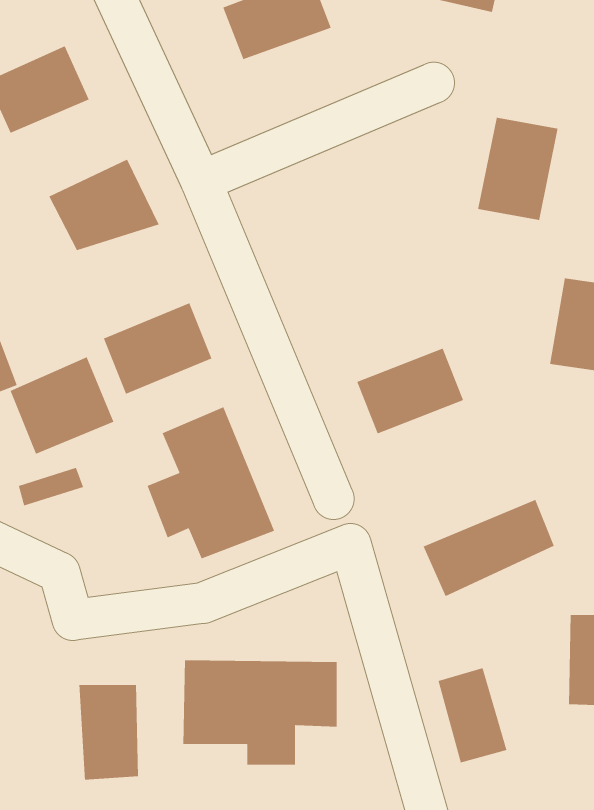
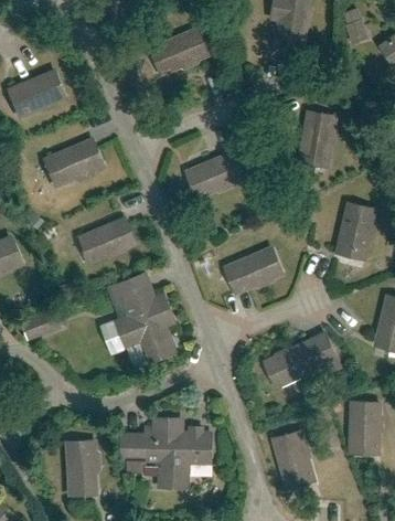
building: none -> [184,149,249,201]
building: [10,356,115,455] -> none

